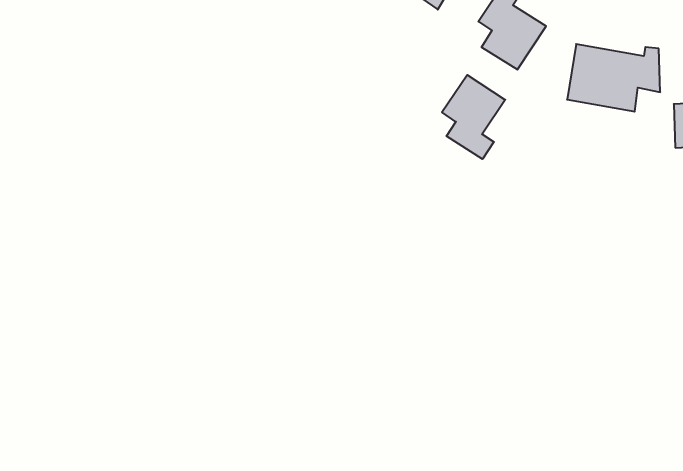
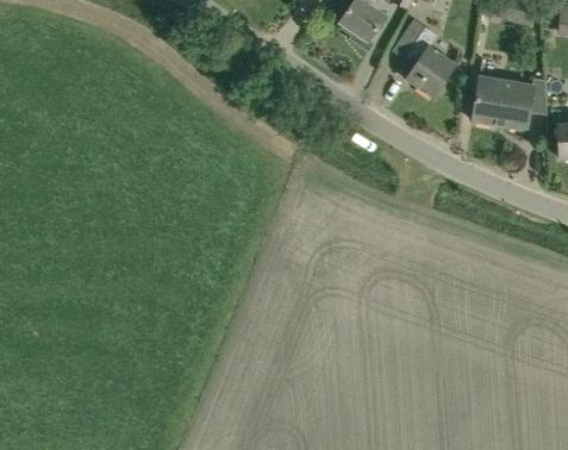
building: [442,75,505,159] -> none

